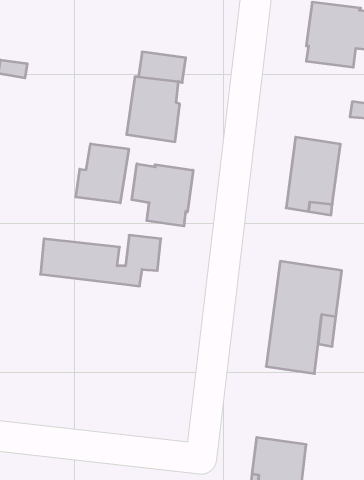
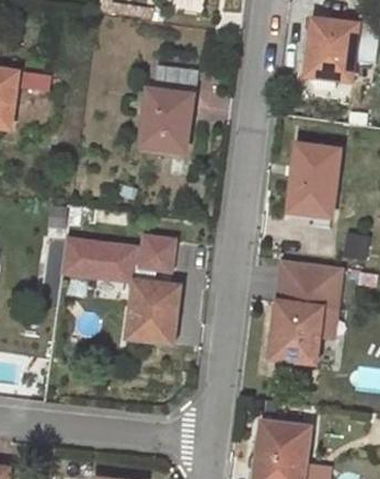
building: [76,144,129,203] -> none
building: [132,164,193,226] -> none
building: none -> [127,280,179,340]

